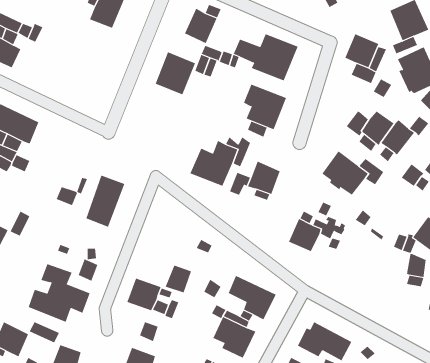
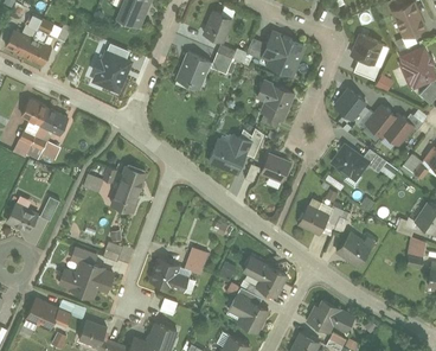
building: none -> [91,50,133,94]
building: none -> [332,87,366,120]
building: none -> [334,231,371,268]

